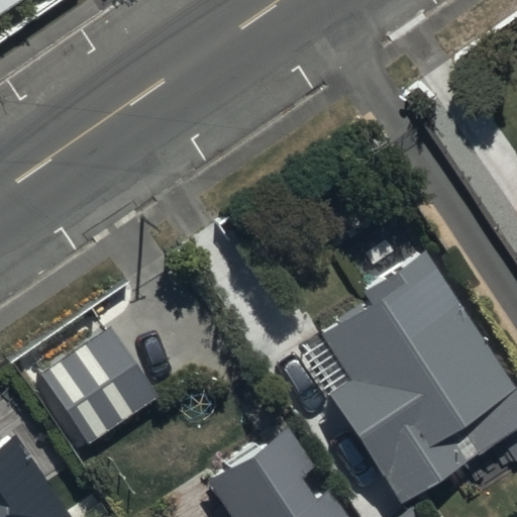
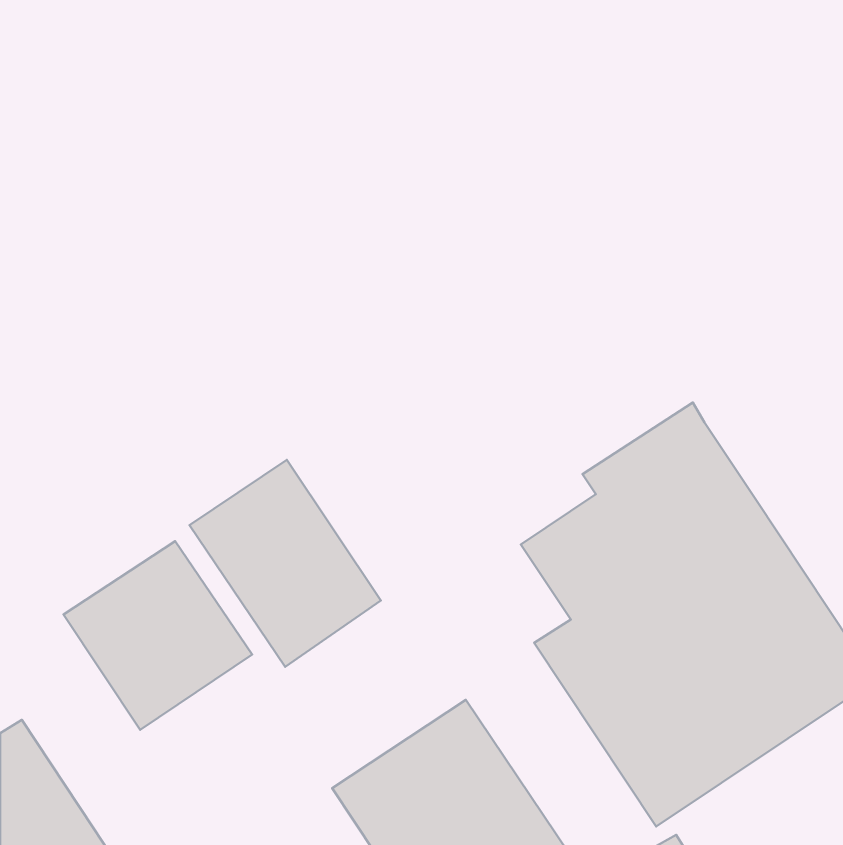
building: none -> [189,460,381,667]

